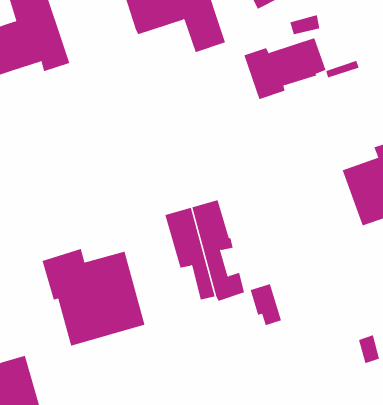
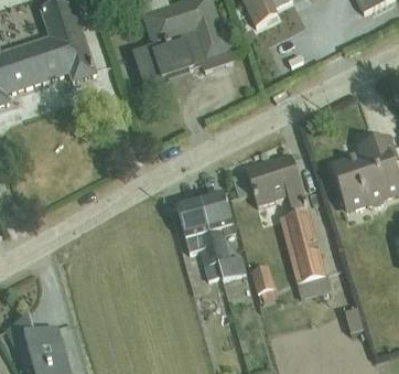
building: [244,37,360,100] -> [132,34,233,88]
building: none -> [246,153,333,297]
building: [42,248,145,346] -> none

